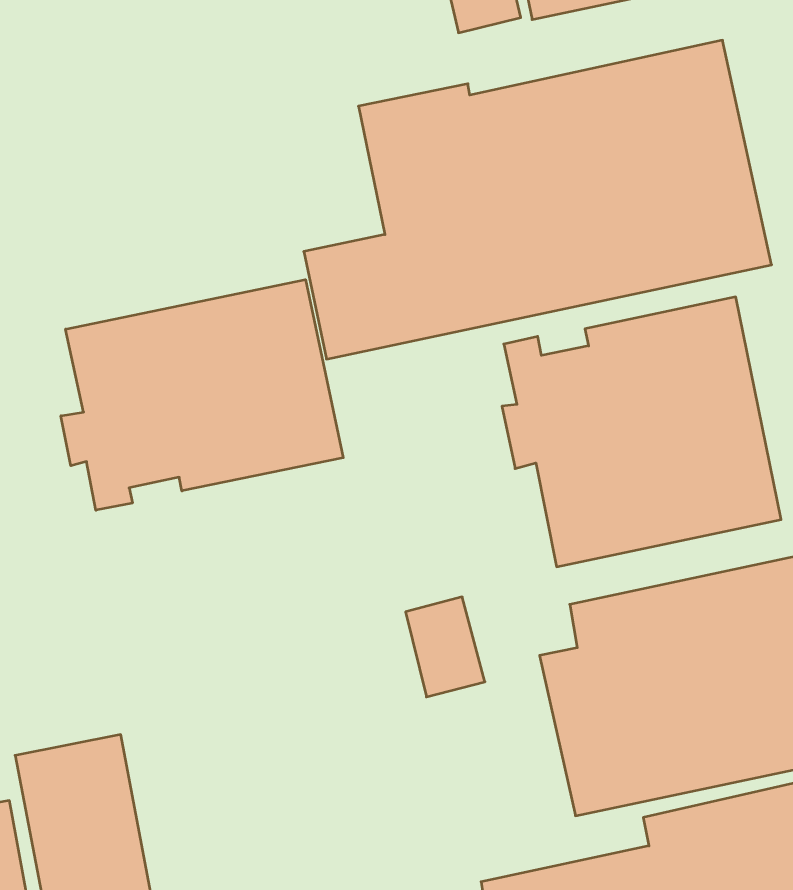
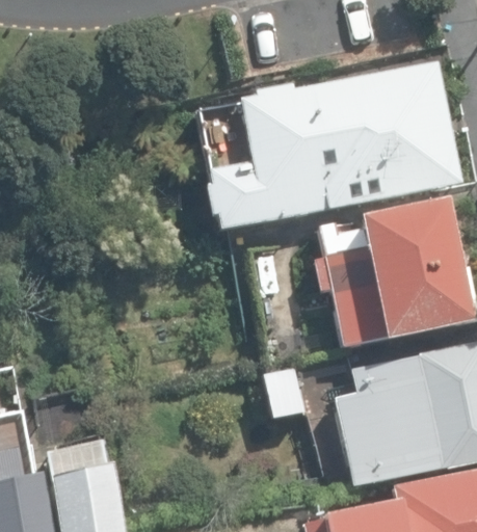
building: [61,280,343,510] -> none

